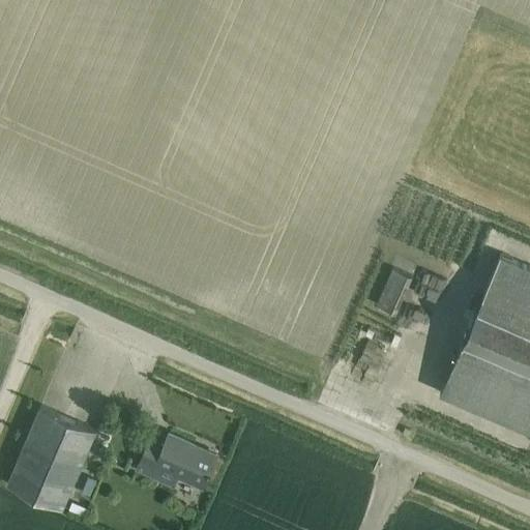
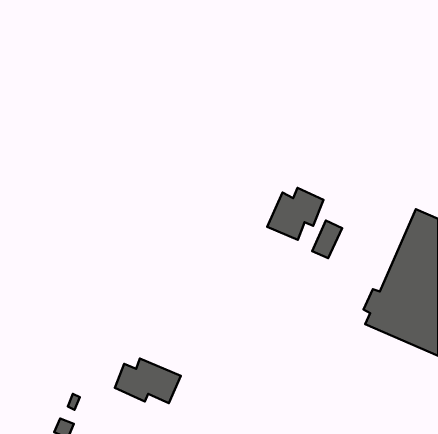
building: none -> [267,188,323,240]
building: [9,410,97,511] -> none

